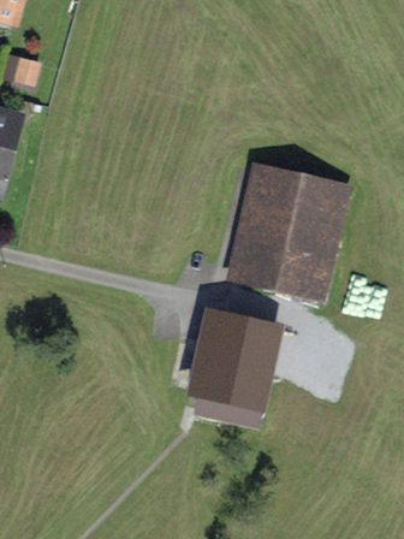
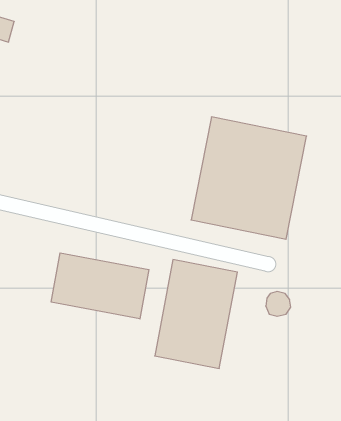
building: none -> [51,253,149,319]

